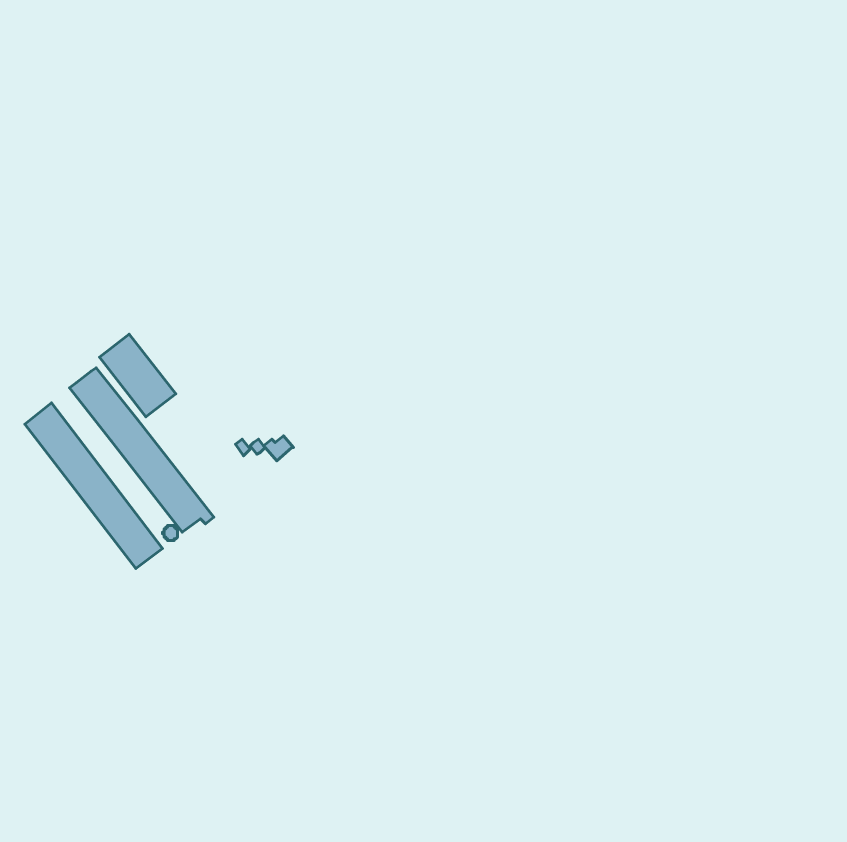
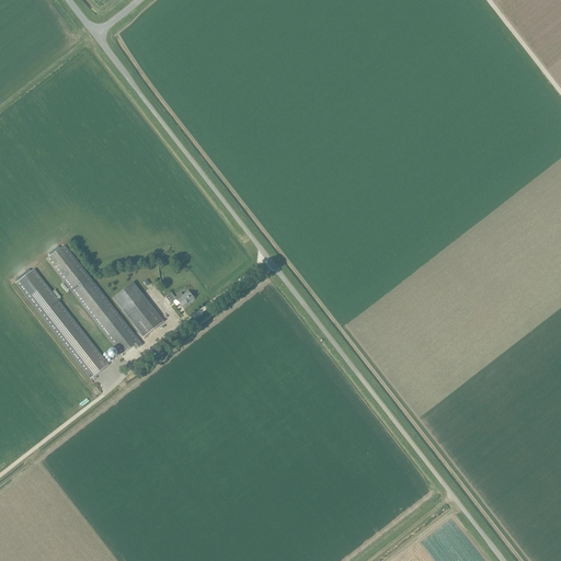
building: [99,334,176,417] -> [113,279,163,334]

